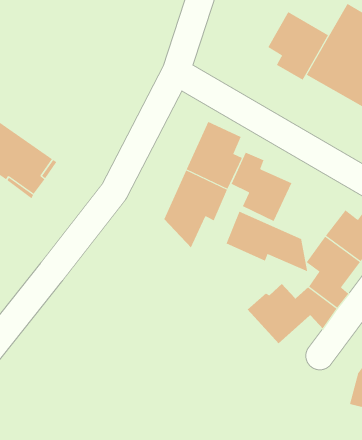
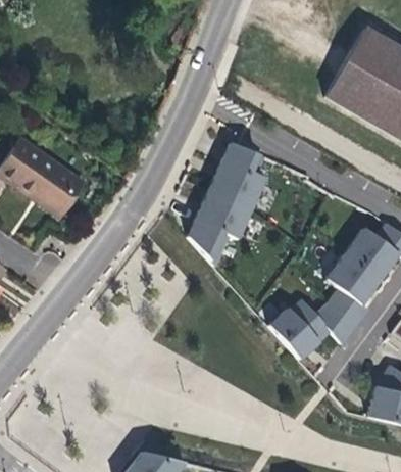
building: [267,11,329,81] -> none
building: [231,152,292,222] -> none
building: [226,211,308,272] -> none

